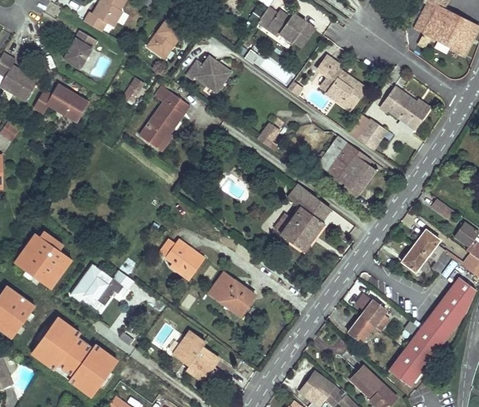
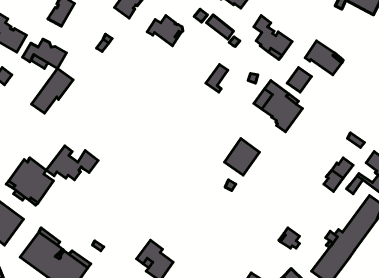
building: [139,91,190,146] -> [31,68,73,113]
building: [288,185,330,221] -> none
building: [160,238,203,278] -> none
building: [69,263,133,305] -> [46,146,98,180]
building: [208,271,255,315] -> none
building: [359,301,387,329] -> none

